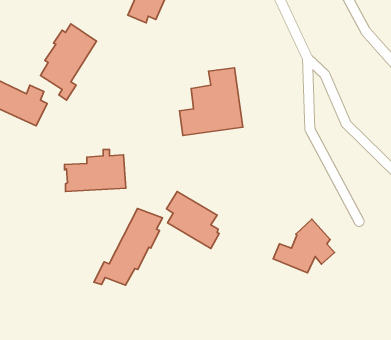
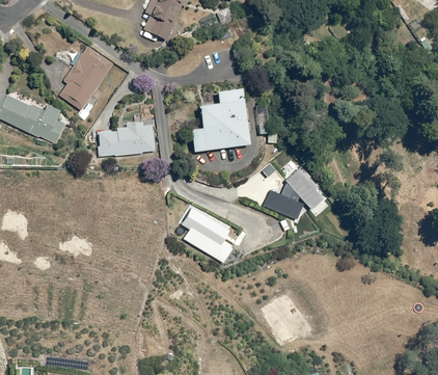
building: [64,150,126,191] -> [95,114,155,155]
building: [94,209,162,285] -> none
building: [273,219,334,273] -> [261,166,320,218]

